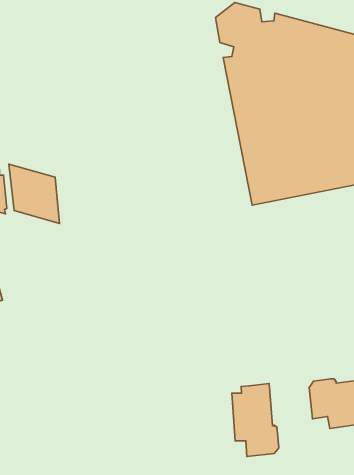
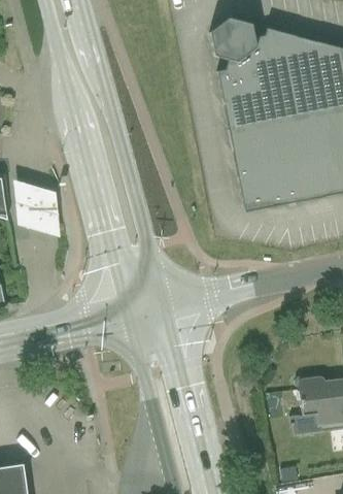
building: [232,383,279,456] -> none

